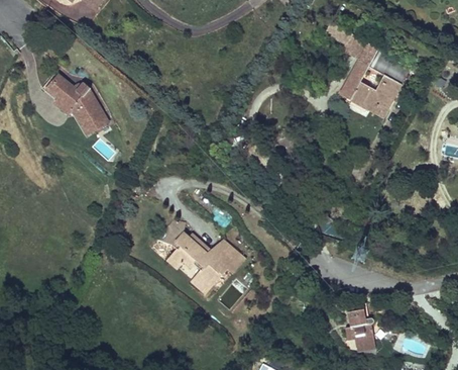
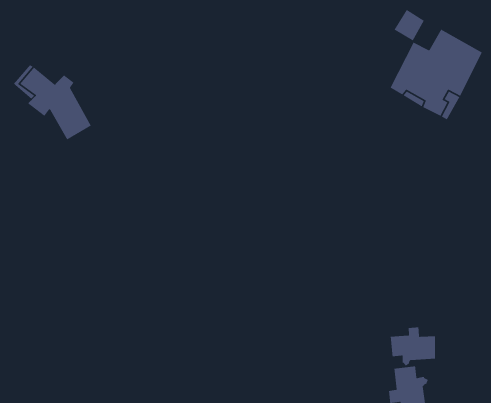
building: [153,216,241,288] -> none
building: none -> [390,326,436,367]

